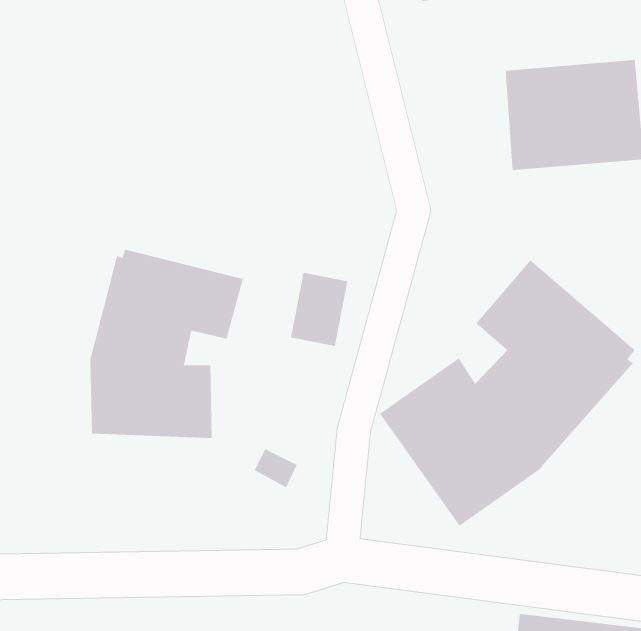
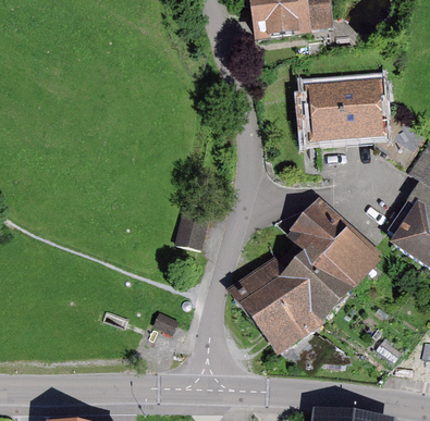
building: [90,249,243,439] -> none

